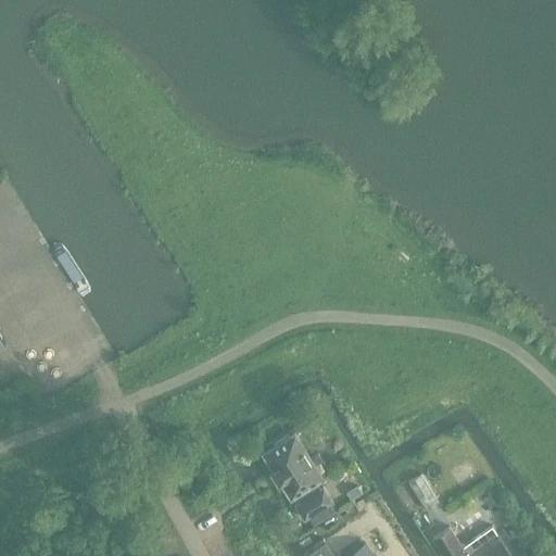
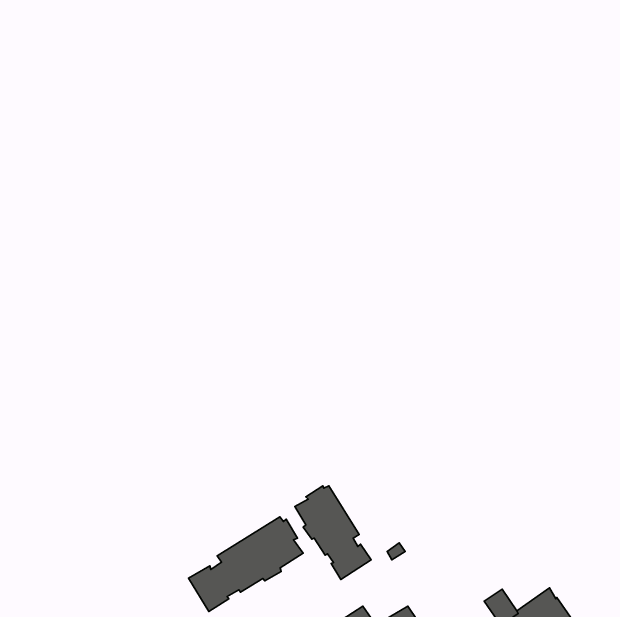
building: none -> [188,517,303,612]

